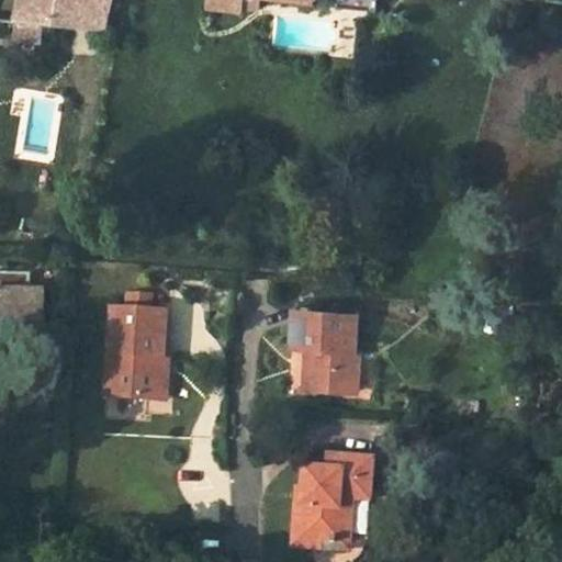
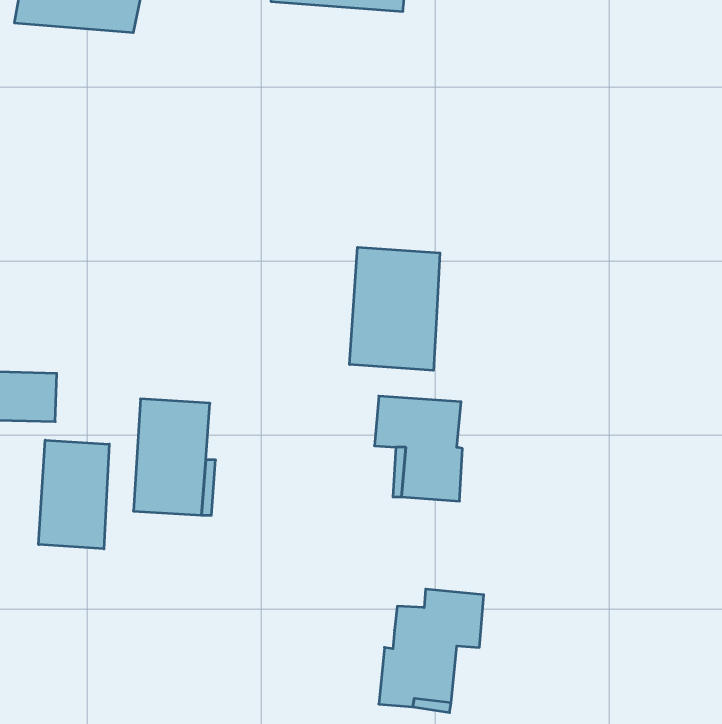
building: none -> [350,247,440,370]
building: none -> [39,440,109,549]

